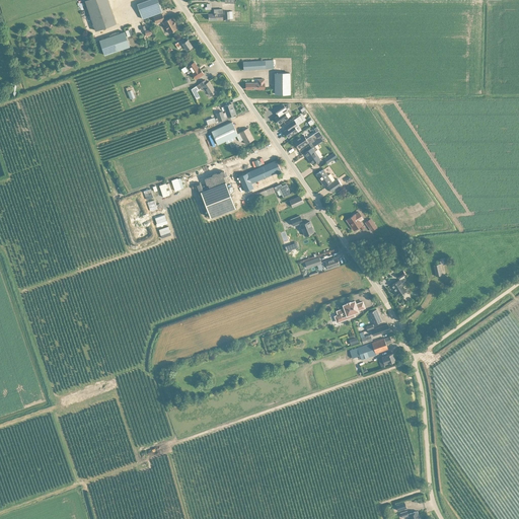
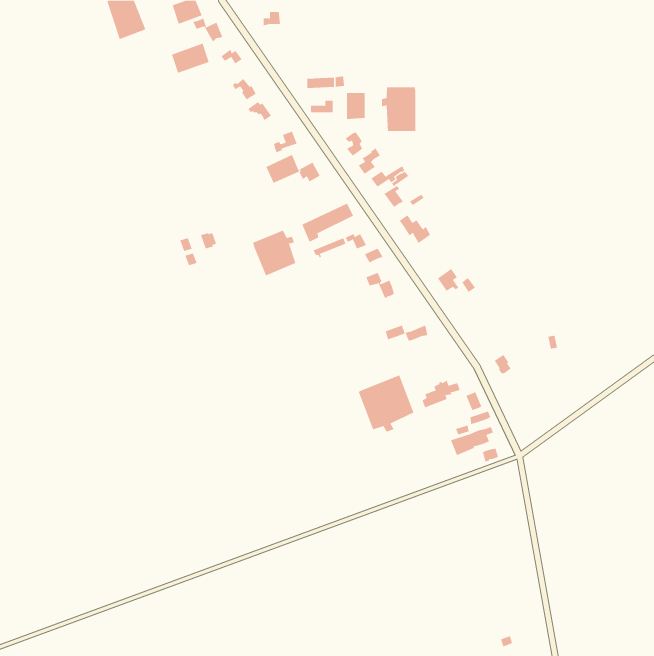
building: [98,31,129,56] -> [171,43,210,74]
building: none -> [382,86,416,132]
building: none -> [358,375,414,433]

